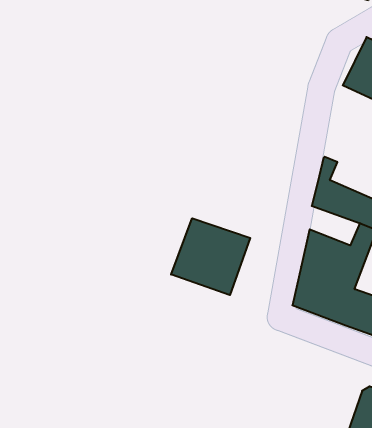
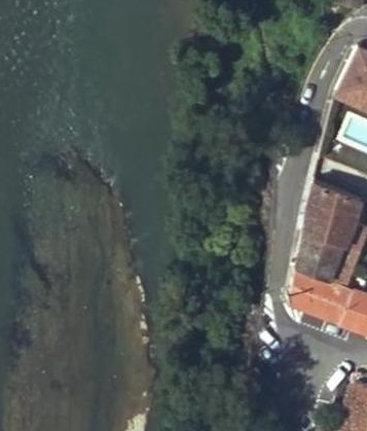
building: none -> [304,210,353,248]
building: [171,218,250,295] -> none

